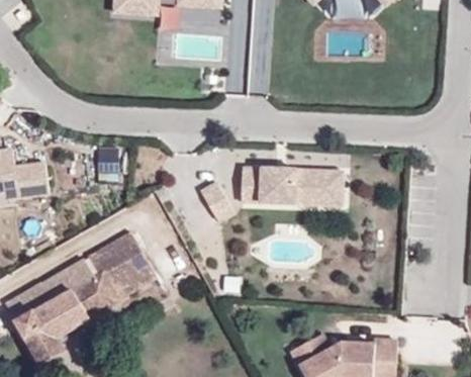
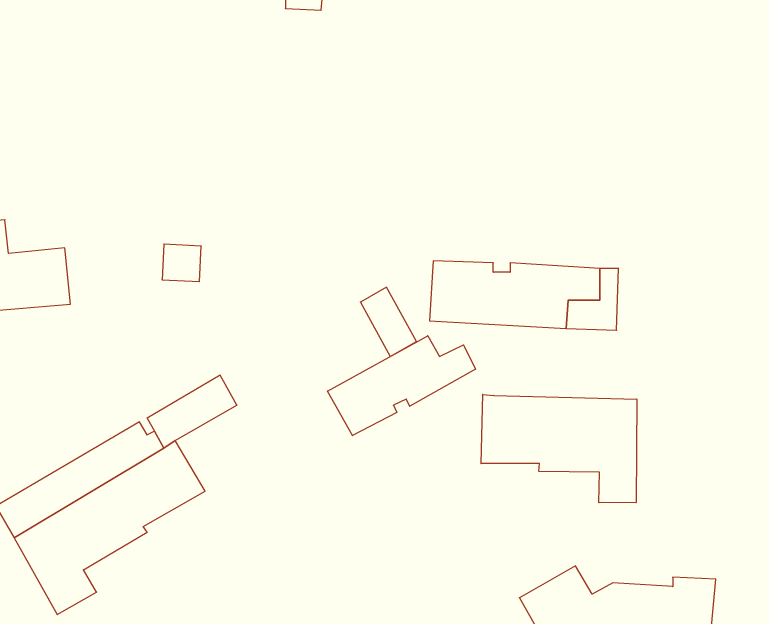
building: none -> [327,336,475,436]
building: none -> [481,394,637,503]
building: [102,247,152,293] -> none

